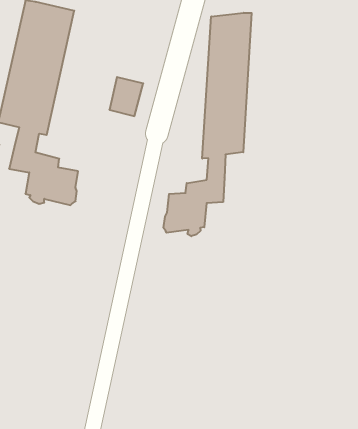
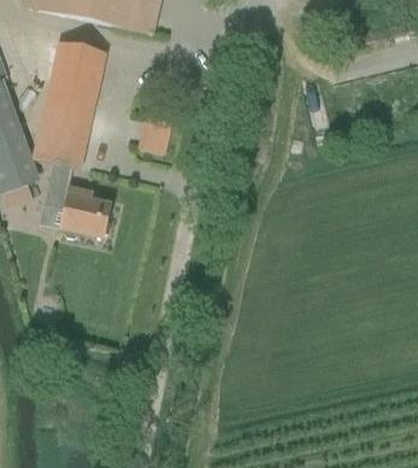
building: [164,13,252,236] -> none

